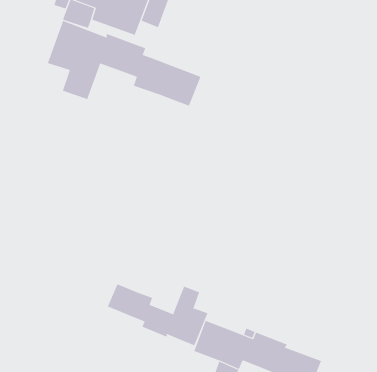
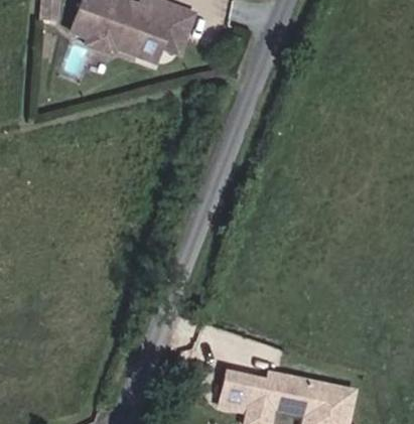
building: [47,20,201,107] -> none
building: [107,283,208,346] -> none

